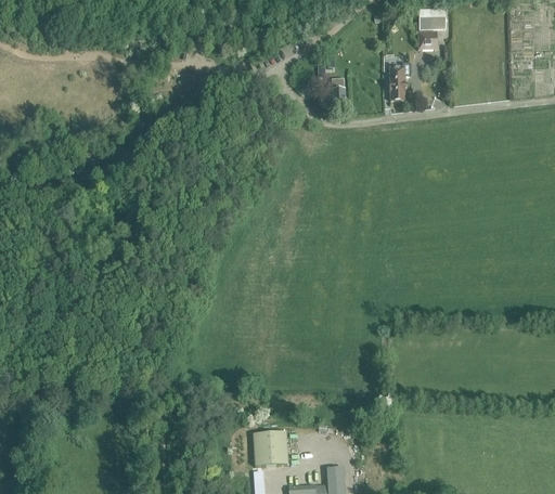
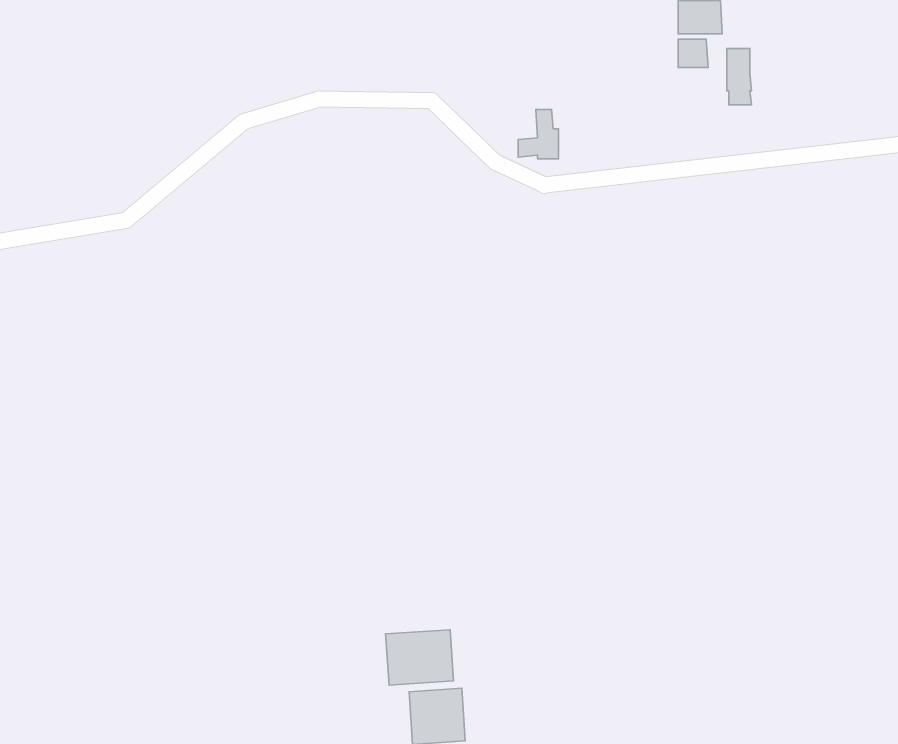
building: [389,64,404,99] -> [727,48,752,105]
building: none -> [386,630,454,685]

